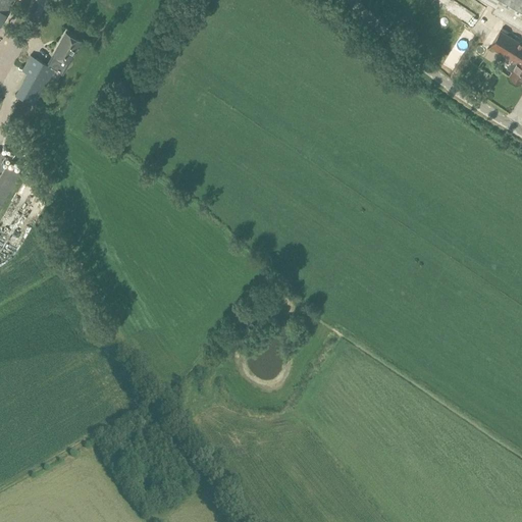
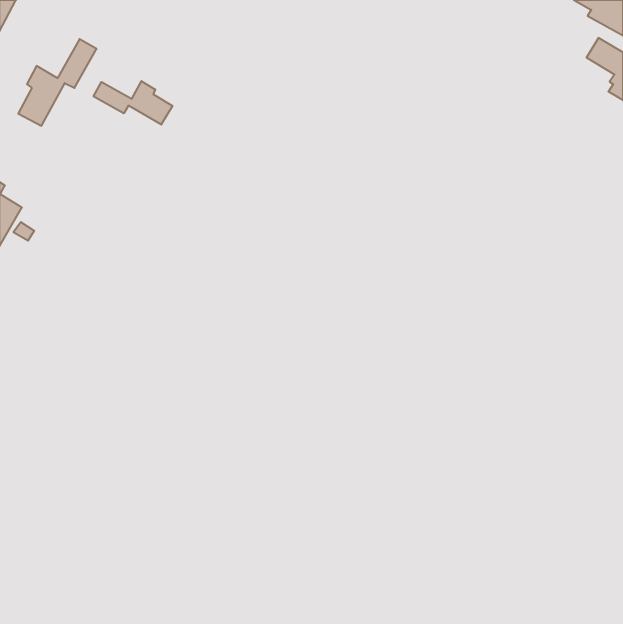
building: none -> [94,81,172,125]

